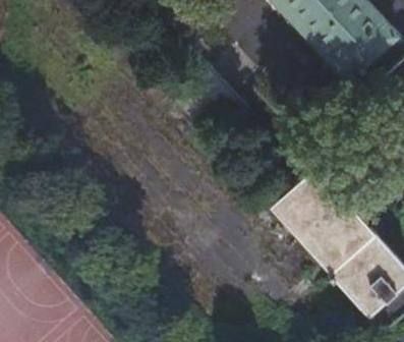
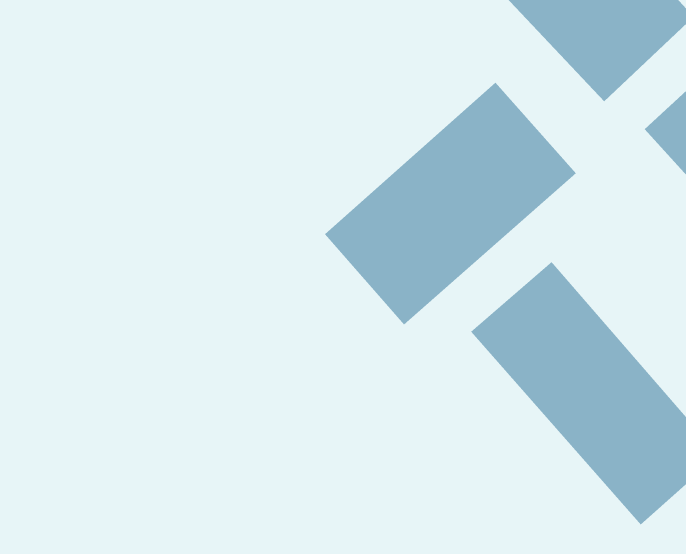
building: none -> [324,82,577,325]

